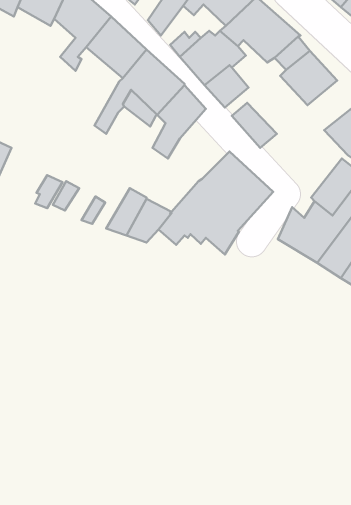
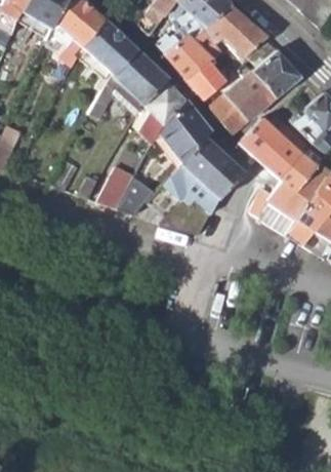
building: none -> [223,64,276,121]
building: none -> [161,100,213,160]
building: none -> [239,116,305,176]

